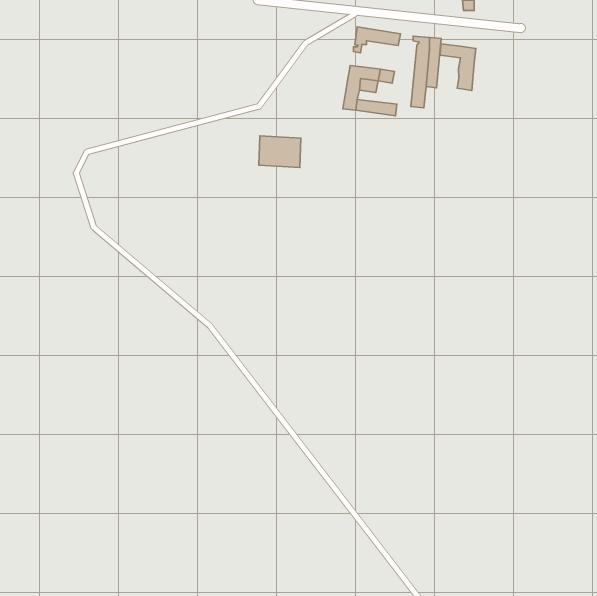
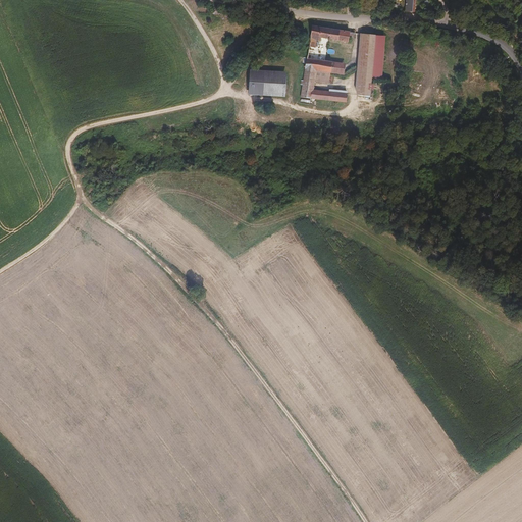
building: [440,44,476,90] -> none
building: [259,136,301,167] -> [249,69,285,97]

